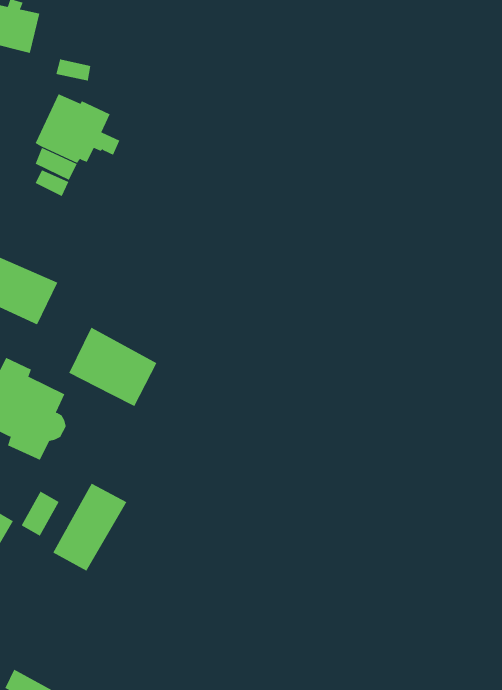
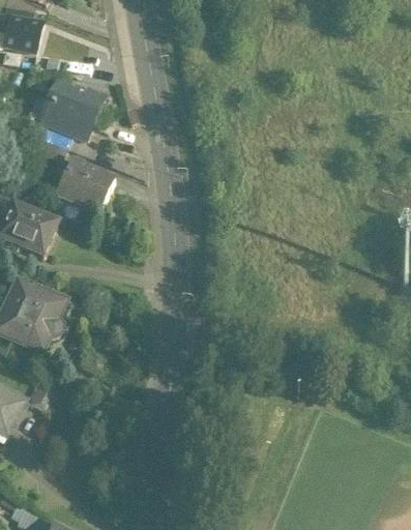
building: none -> [57,157,114,212]
building: [68,327,157,407] -> none
building: [53,483,127,572] -> none

